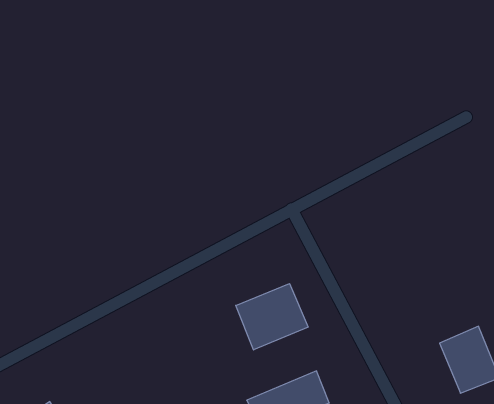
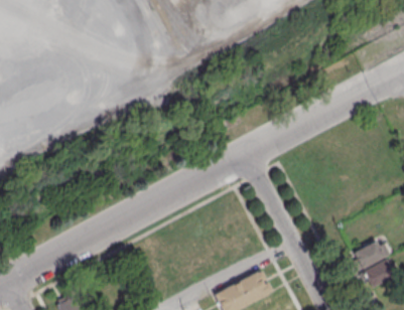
building: [236,284,308,350] -> none

